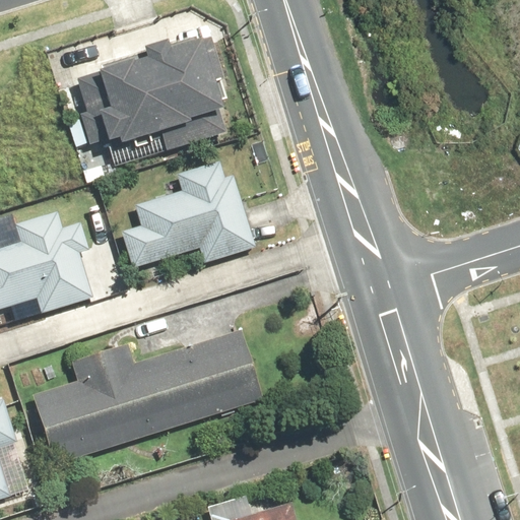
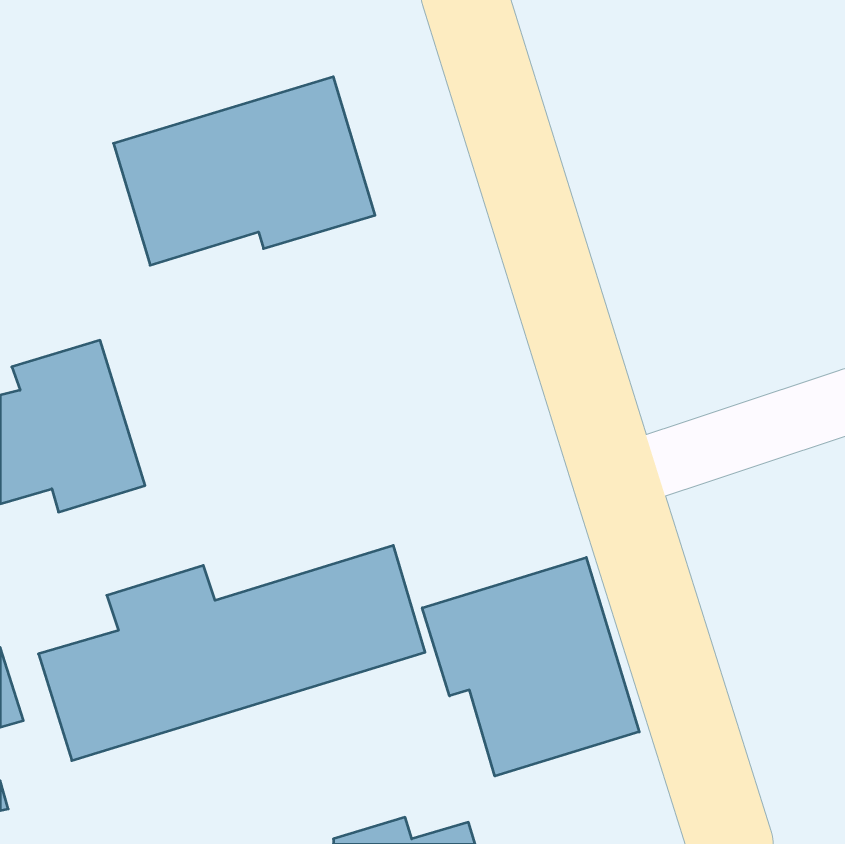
building: [118,159,253,269] -> none
building: none -> [422,557,639,776]

